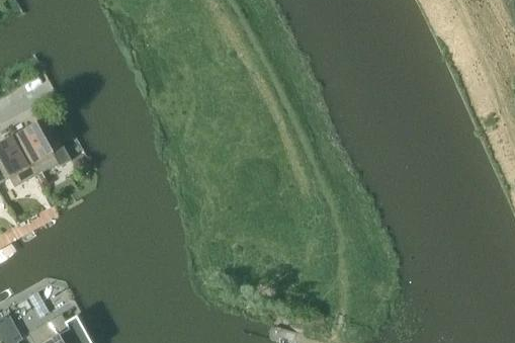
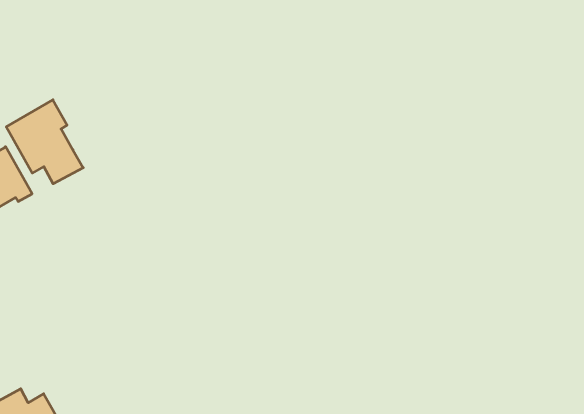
building: none -> [6,100,83,184]

